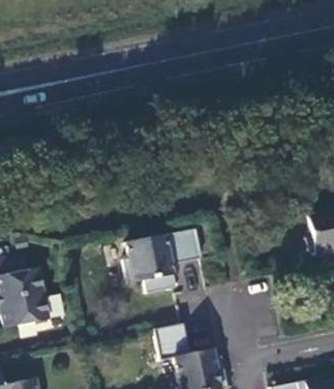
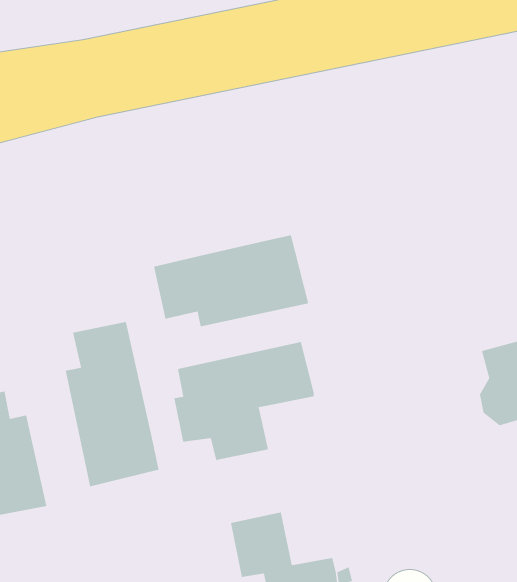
building: none -> [154,235,309,327]
building: none -> [65,321,159,487]

